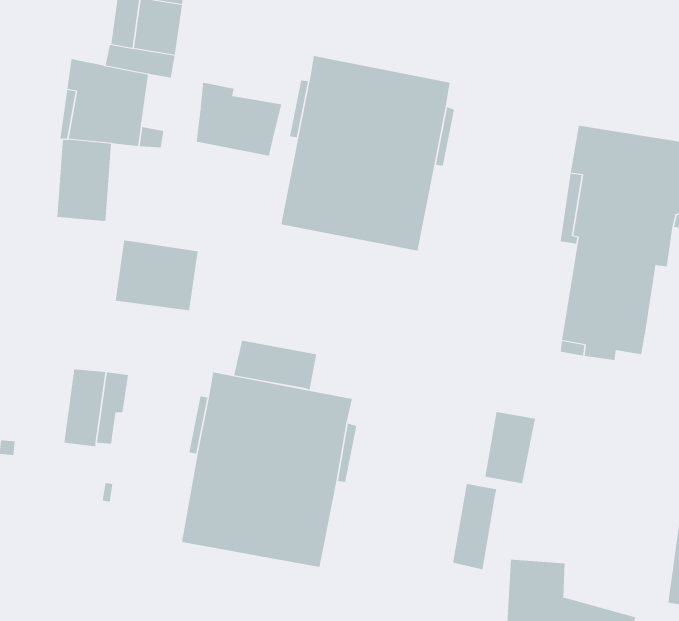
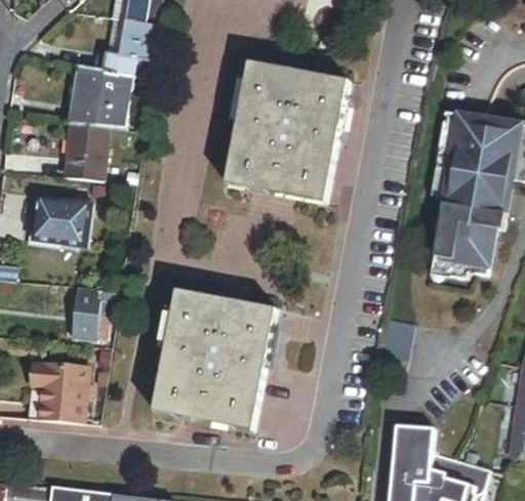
building: [196,82,282,156] -> none
building: [115,240,198,311] -> [31,196,91,247]
building: [233,340,317,390] -> none
building: none -> [34,361,86,422]
building: [452,483,497,570] -> none

